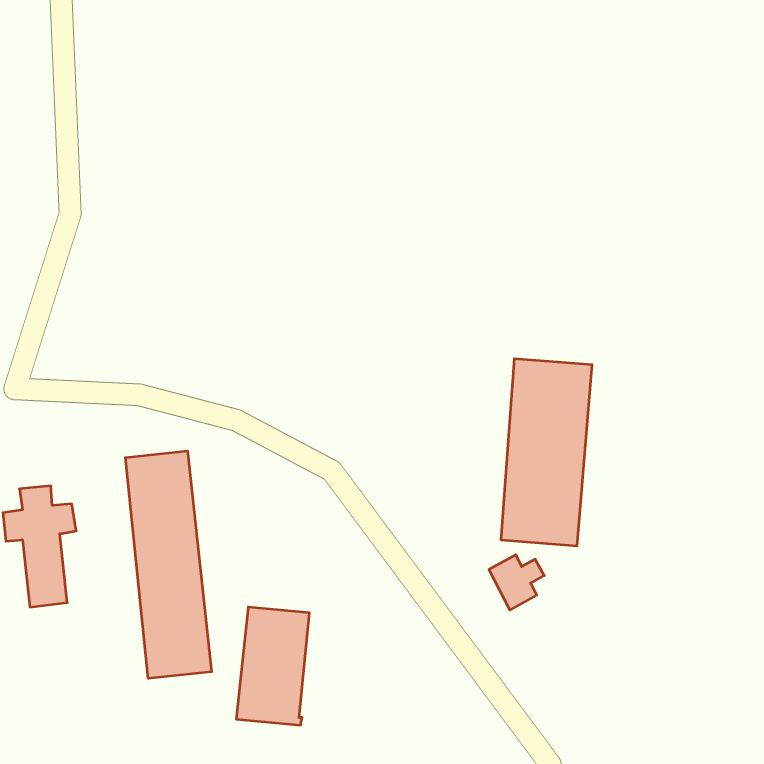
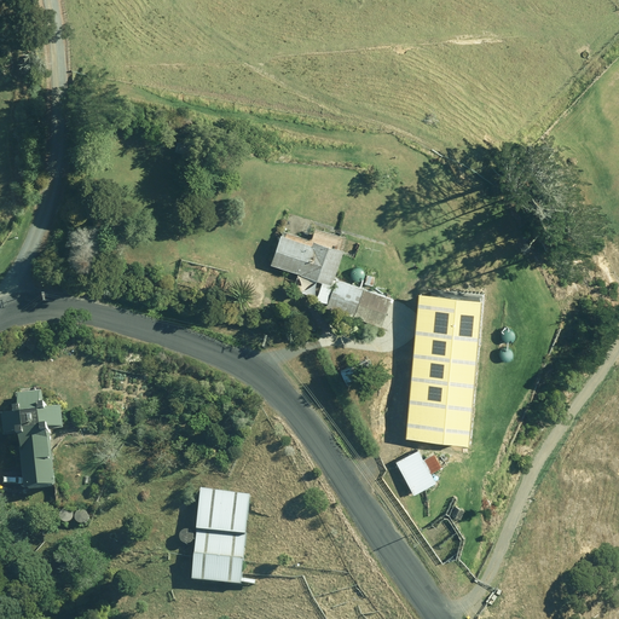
building: none -> [268,232,389,324]
building: [125,451,212,678] -> none

